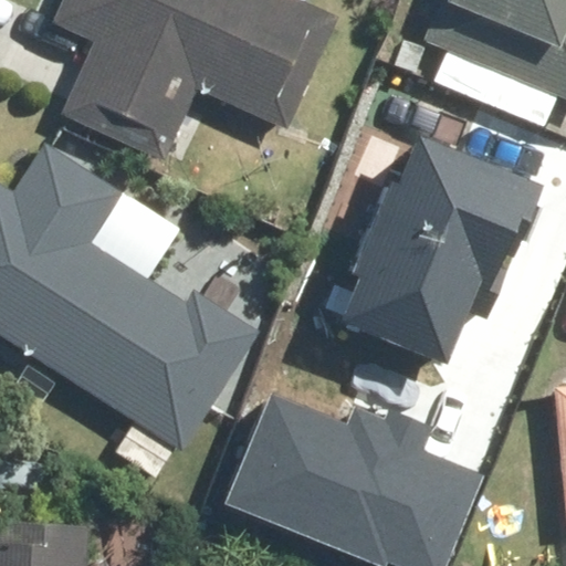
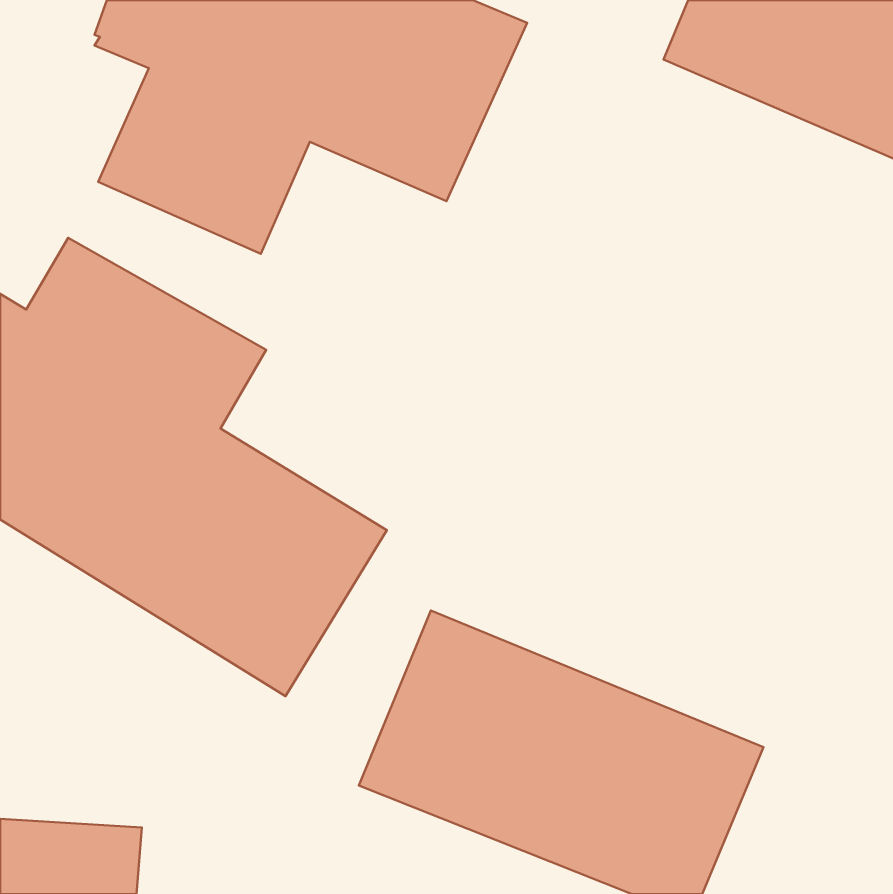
building: [337,139,513,368] -> none

